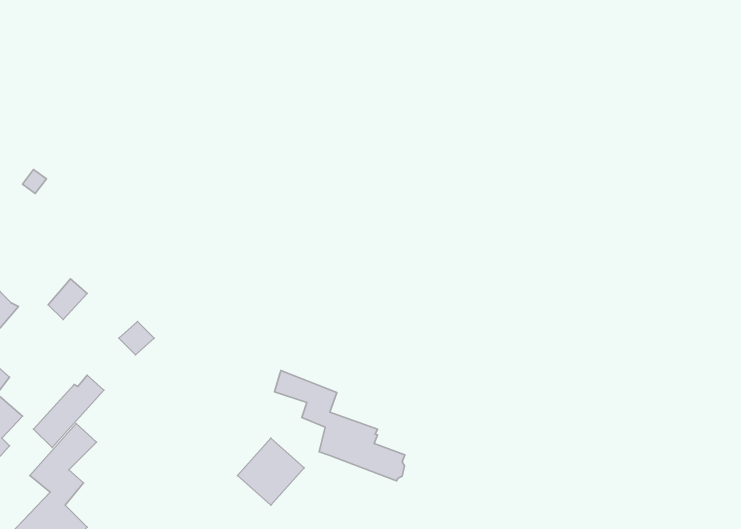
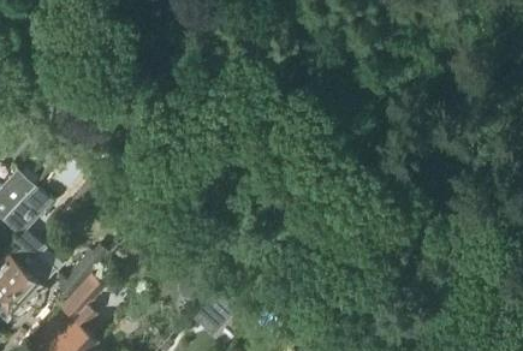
building: [275,371,405,481] -> none

